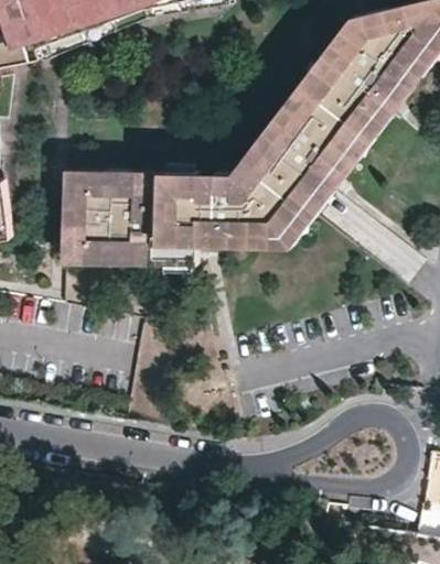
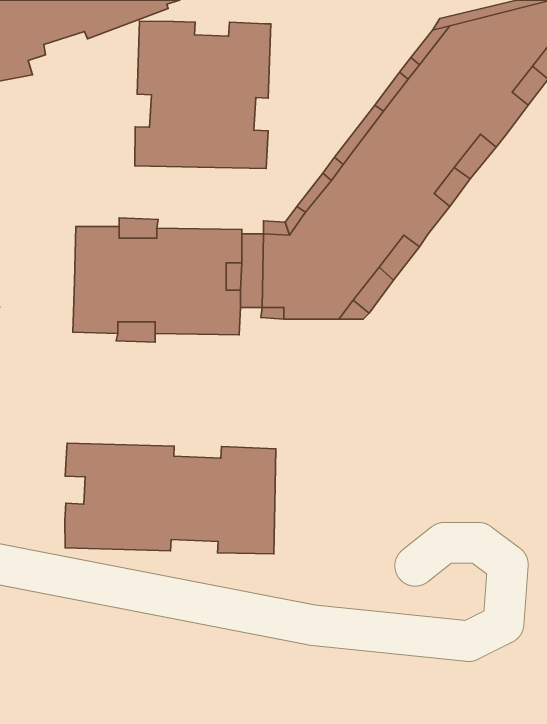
building: none -> [135,21,271,168]
building: none -> [65,443,276,554]

